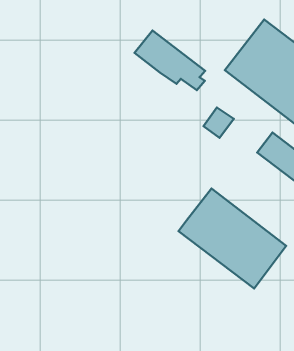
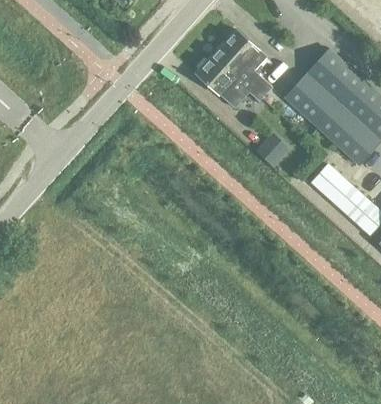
building: none -> [215,31,273,96]
building: [179,188,286,288] -> none

